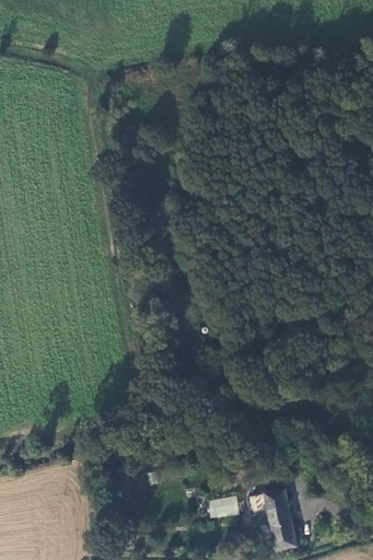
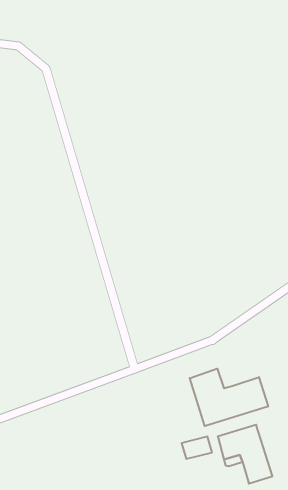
building: none -> [190,369,268,426]

